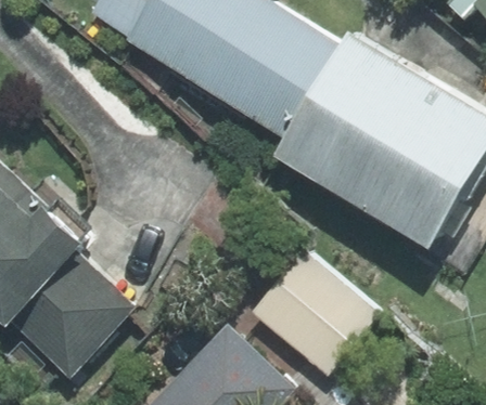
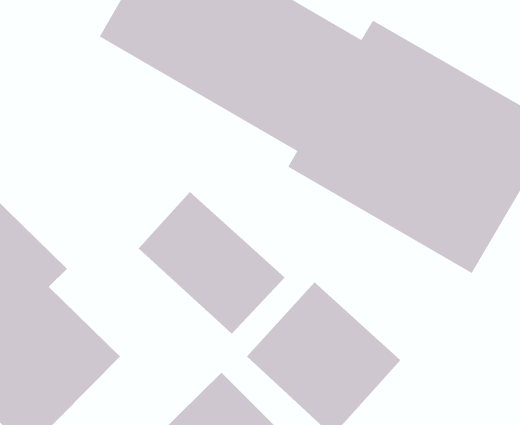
building: none -> [138,191,285,335]

